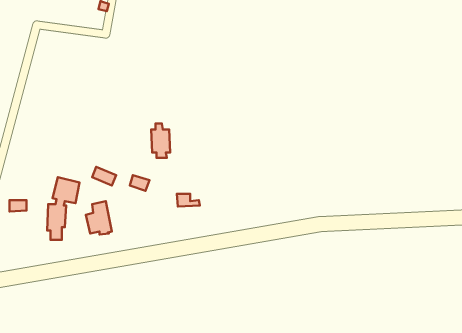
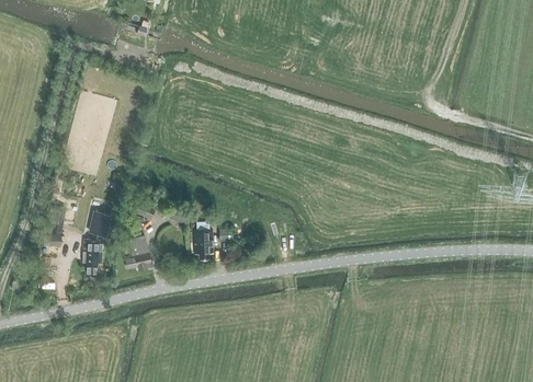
building: [151,123,170,158] -> [192,223,212,259]

